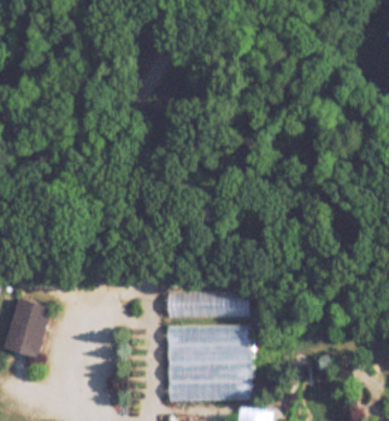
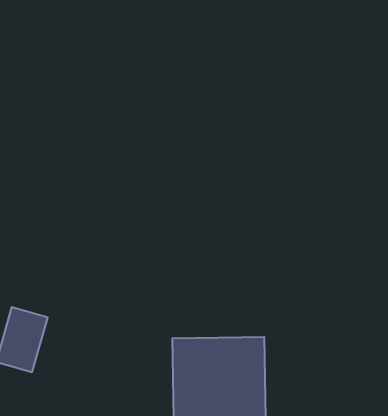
building: [167,292,252,317] -> none

